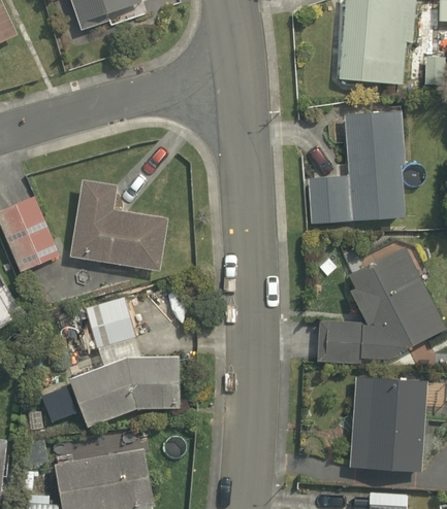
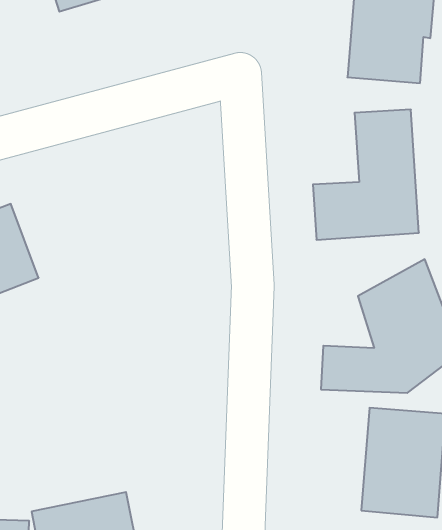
building: [72,177,168,270] -> none
building: [58,295,177,423] -> none

